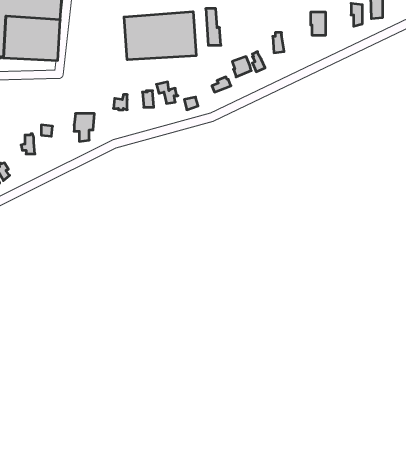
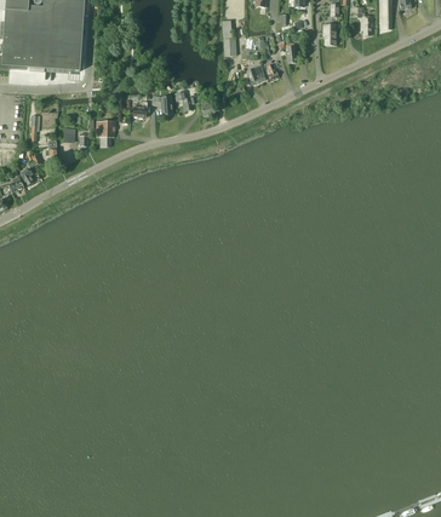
building: [124,12,196,60] -> none

